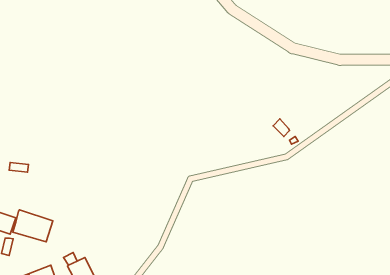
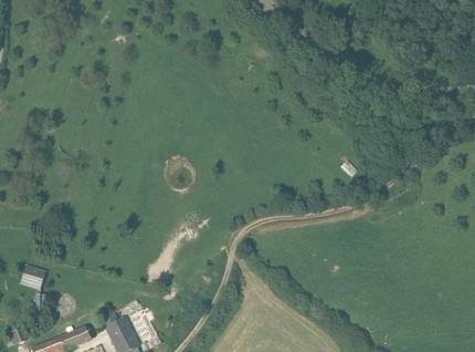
building: [13,210,53,242] -> none

